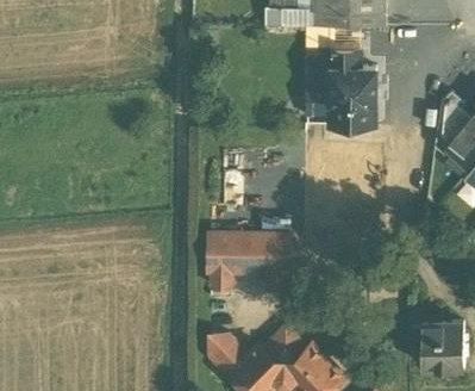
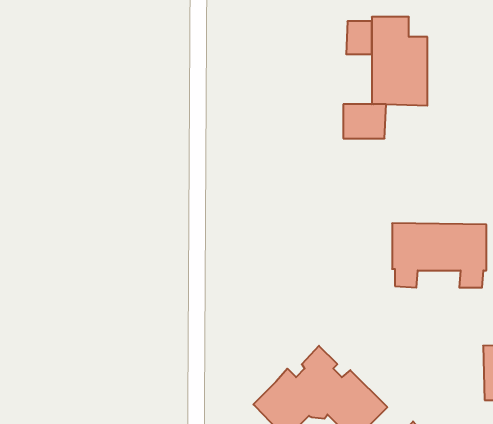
building: [211,232,289,286] -> [392,223,486,288]
building: [208,334,250,377] -> none

